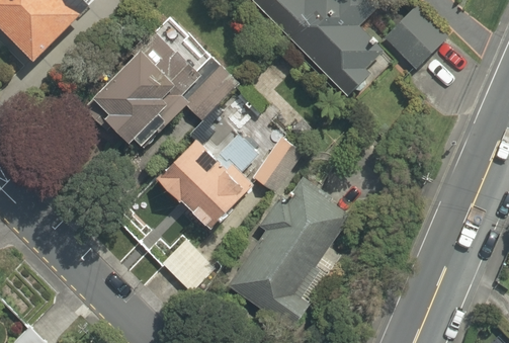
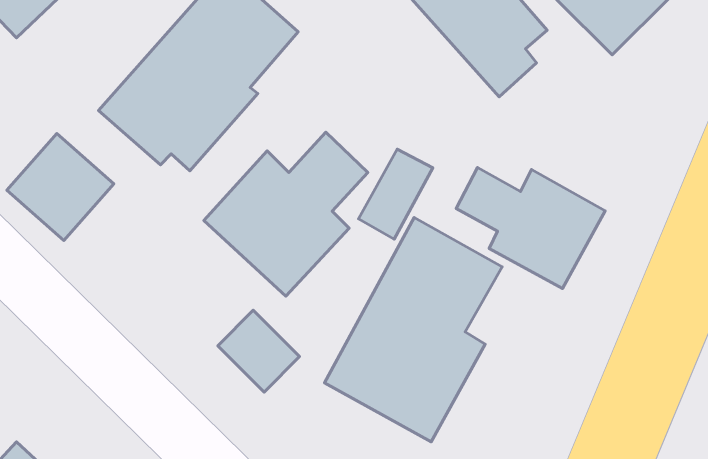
building: [182,66,241,141] -> none
building: none -> [7,133,114,240]
building: none -> [456,168,605,288]

